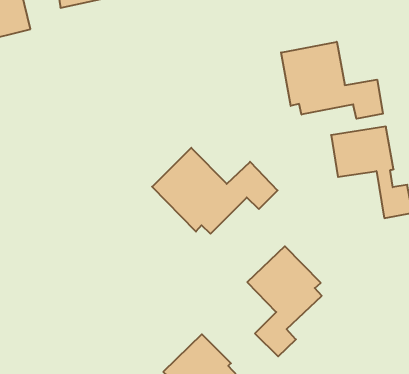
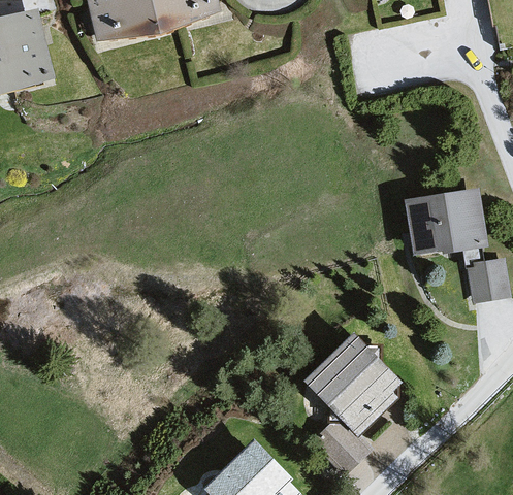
building: [281,42,383,119] -> none
building: [152,148,278,234] -> none

